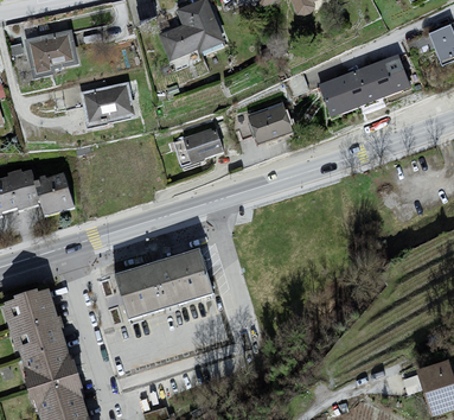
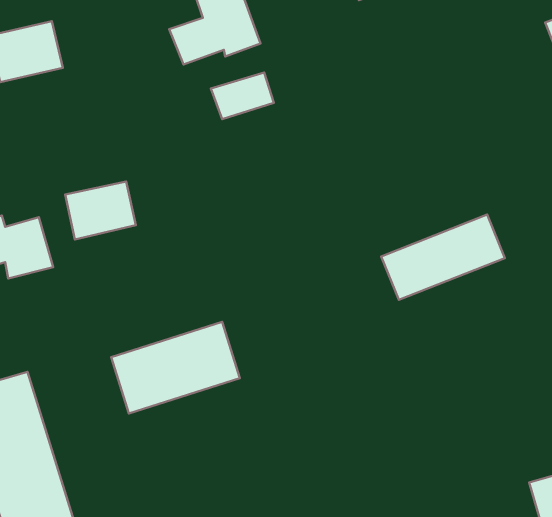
building: [314,53,405,116] -> [381,215,505,300]
building: [78,84,130,127] -> [65,182,136,240]
building: [251,104,293,140] -> none
building: [177,127,223,161] -> [211,72,274,119]

